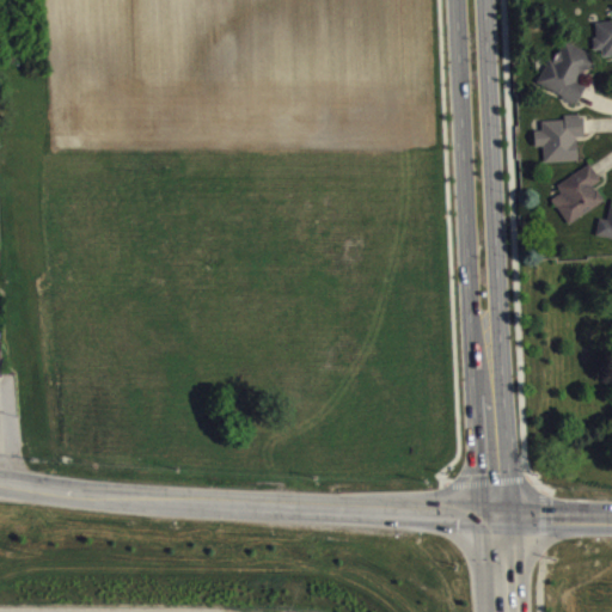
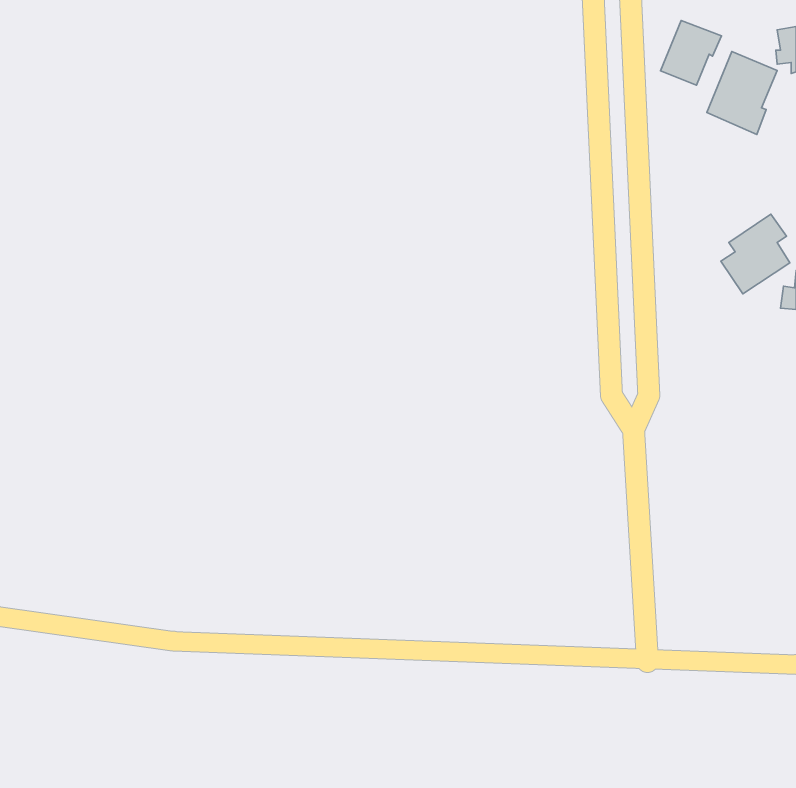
building: none -> [661,21,721,85]
building: [534,116,583,163] -> none

